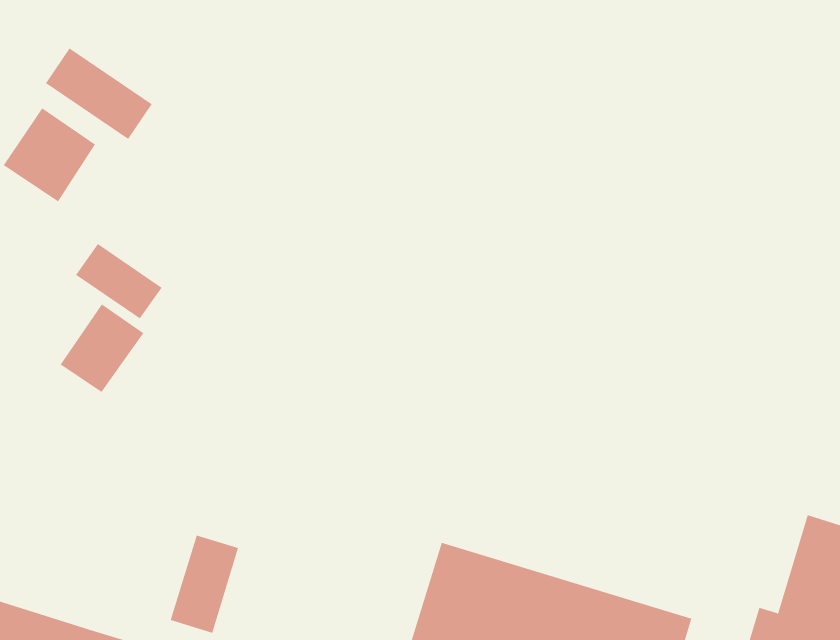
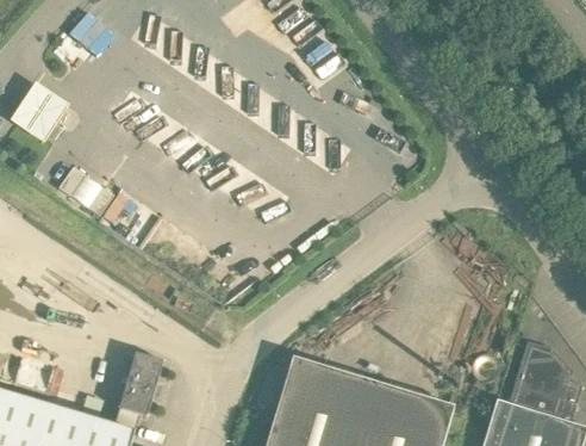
building: [45,48,153,140] -> none
building: [60,303,144,393] -> none

